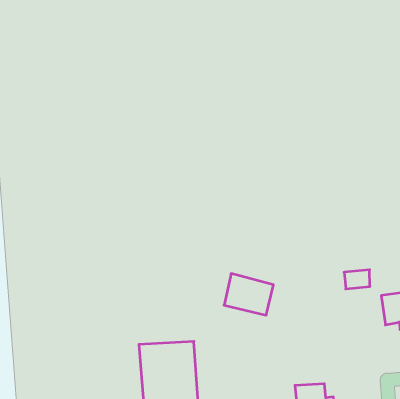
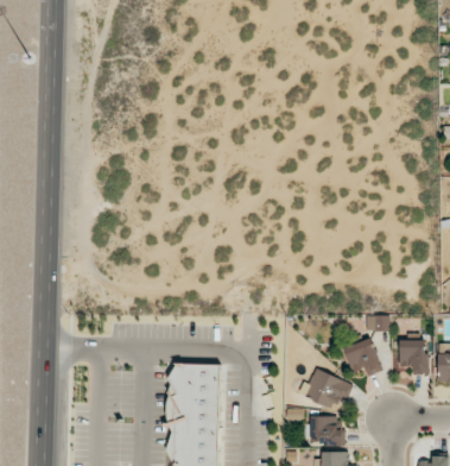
building: [224,274,273,315] -> [304,369,351,410]
building: none -> [343,338,385,376]

